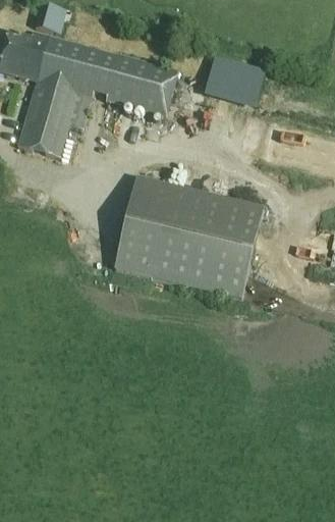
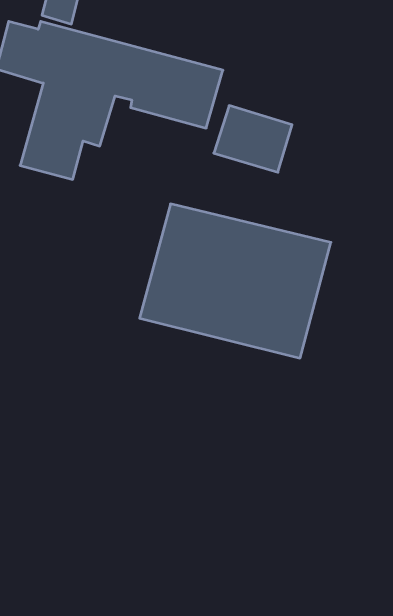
building: [203,51,265,104] -> [214,106,292,172]

